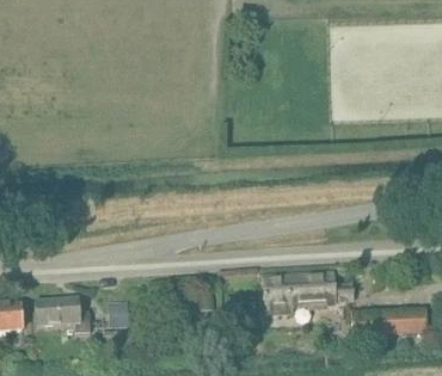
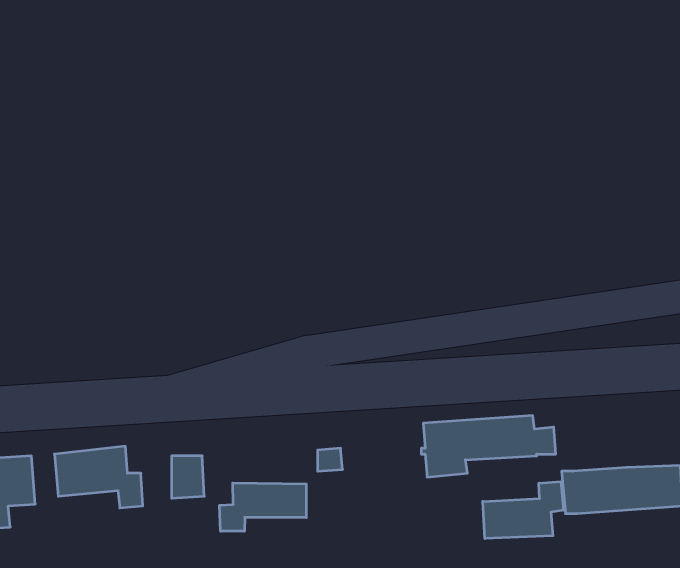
building: none -> [483,482,564,539]
building: none -> [220,483,306,531]

